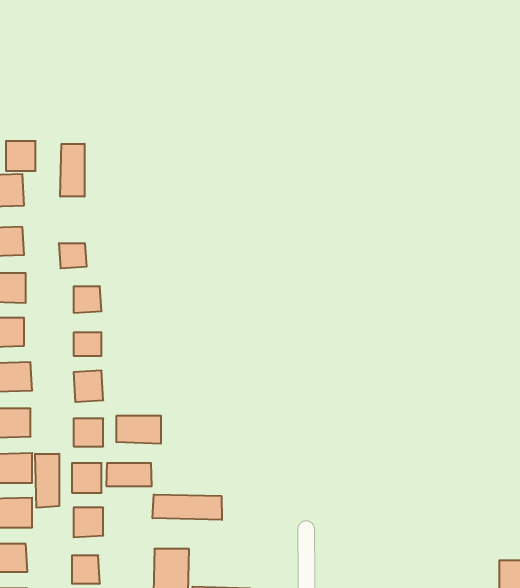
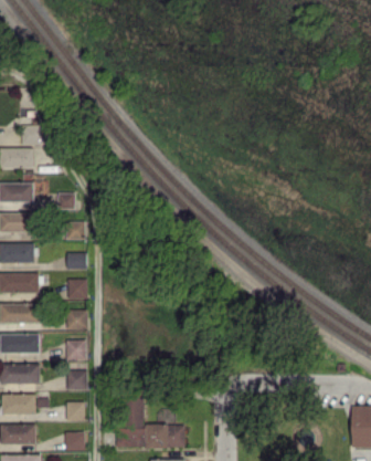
building: [60,144,85,197] -> none
building: [117,416,161,444] -> none
building: [35,454,59,508] -> none
building: [107,463,152,486] -> none
building: [153,494,222,520] -> none

